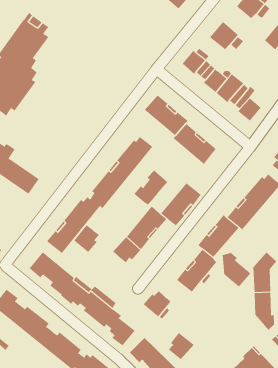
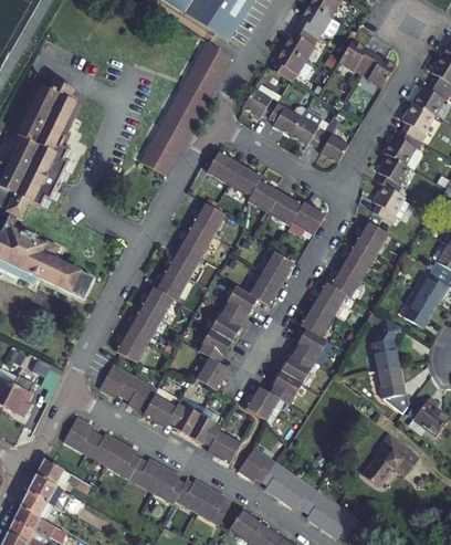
building: none -> [283,27,317,61]
building: none -> [139,43,232,176]
building: none -> [292,205,325,235]
building: [133,169,168,205] -> none
building: [73,224,100,253] -> [195,357,226,391]
building: [222,252,251,288] -> none
building: [168,332,194,360] -> [271,371,302,405]

